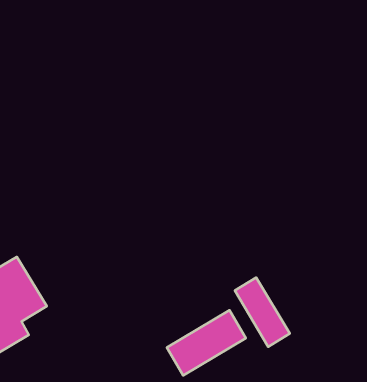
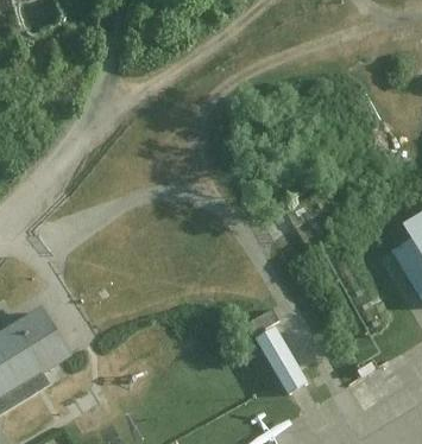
building: [167,310,246,375] -> none

